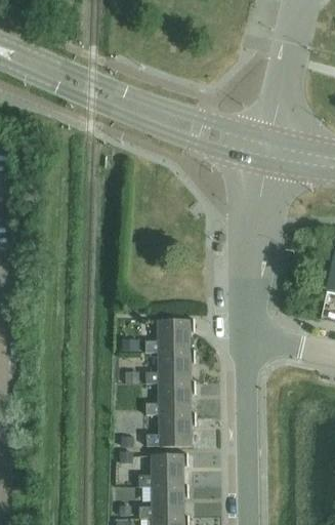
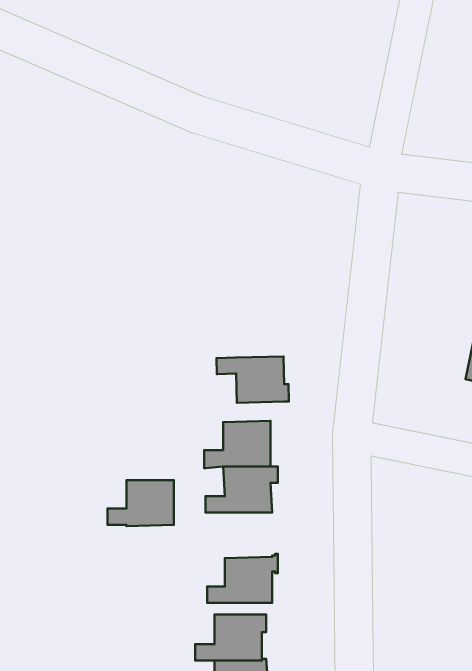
building: none -> [217,357,289,403]
building: [144,383,191,415] -> [107,480,174,526]

